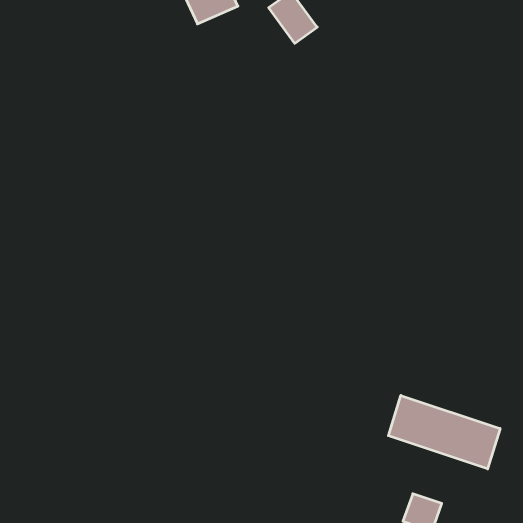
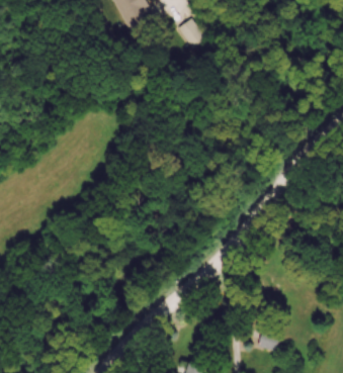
building: [388,395,500,469] -> none

